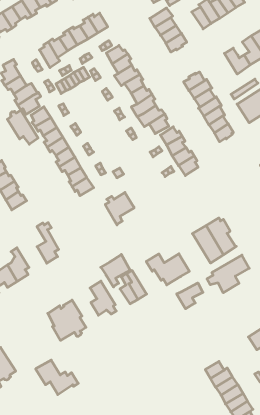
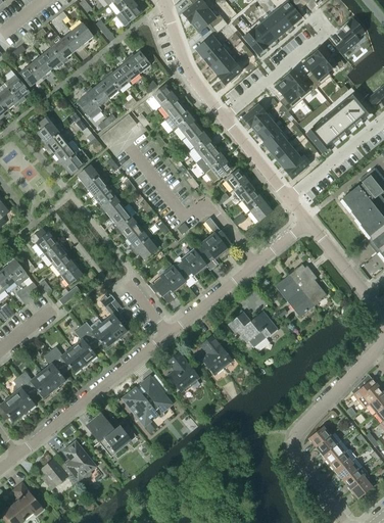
building: none -> [276,79,302,111]
building: [7,110,38,144] -> none
building: none -> [193,218,230,271]
building: none -> [80,319,115,348]
building: [101,254,130,287] -> [151,266,185,303]
building: [207,255,249,293] -> none
building: [177,283,203,309] -> none
building: [36,360,78,395] -> [86,414,136,451]

